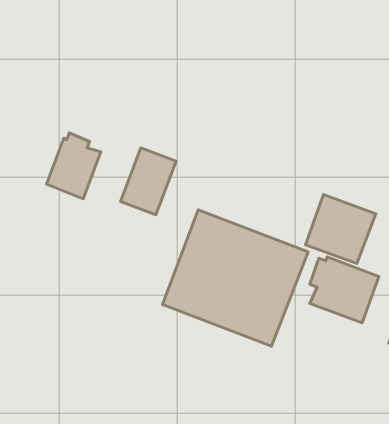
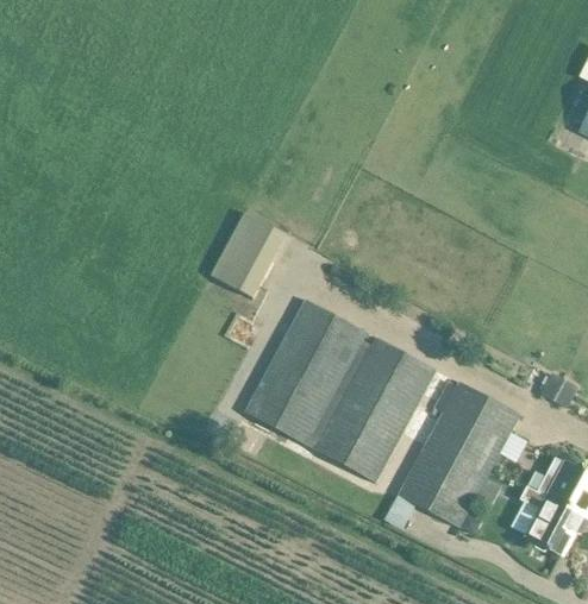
building: [47,133,101,199] -> none
building: [306,194,376,264] -> [398,435,490,527]

